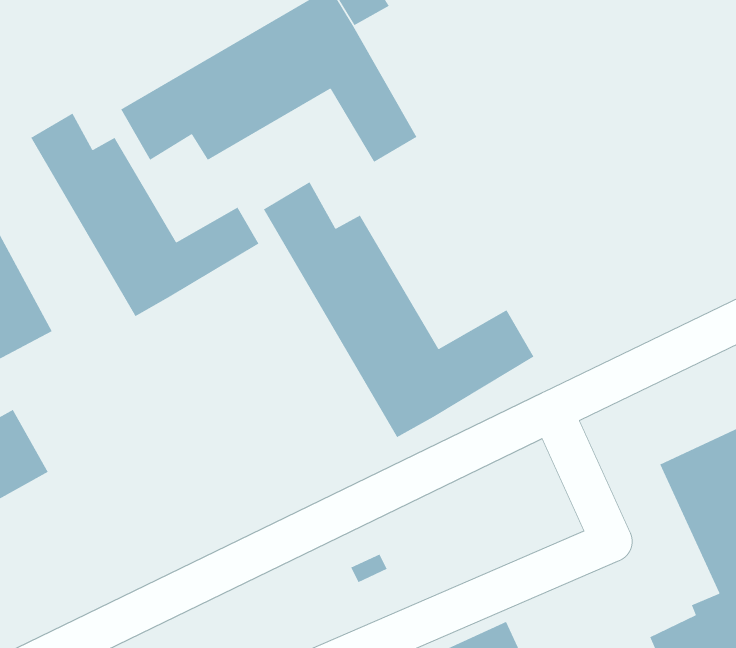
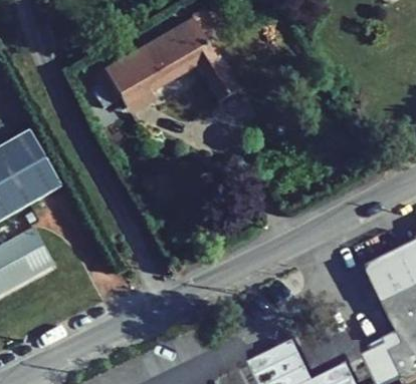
building: [30,112,259,317] -> none
building: [263,181,534,438] -> none

